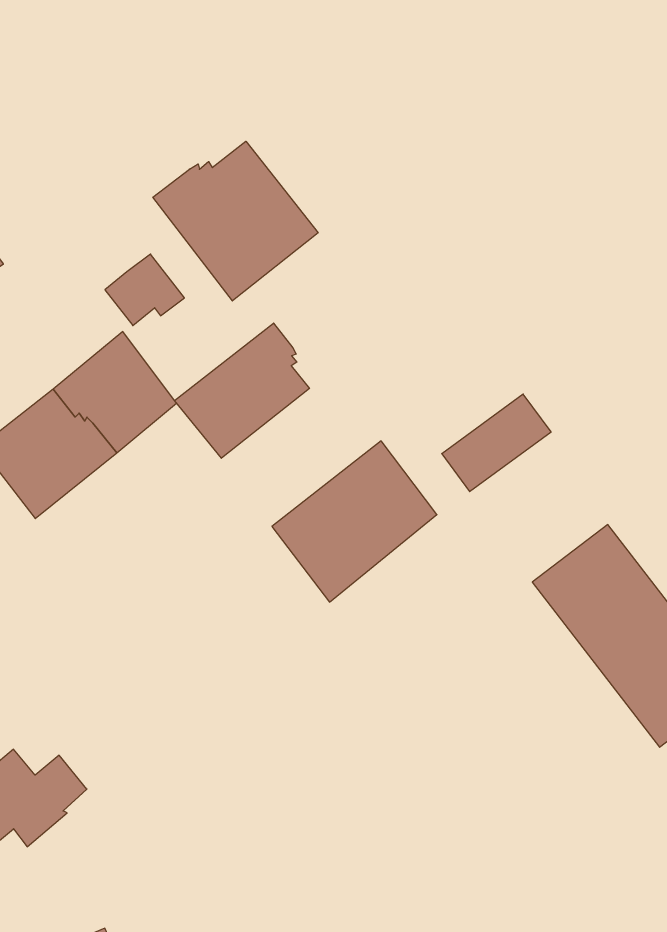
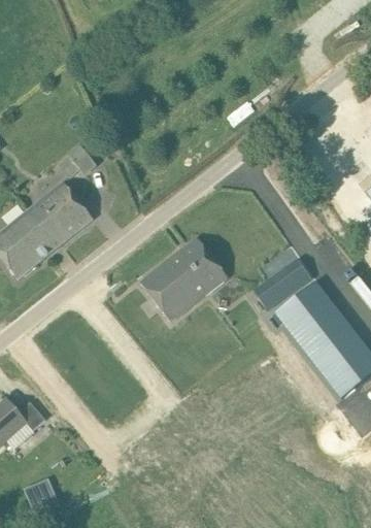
building: [153,141,318,301] -> none
building: [174,323,309,458] -> none
building: [442,394,551,492] -> [255,258,311,308]

